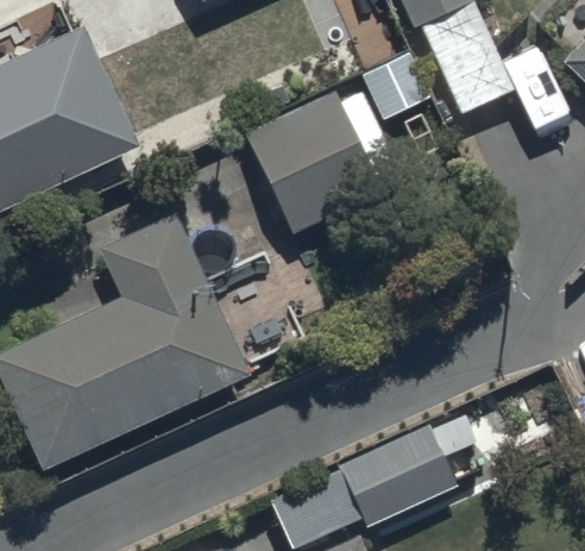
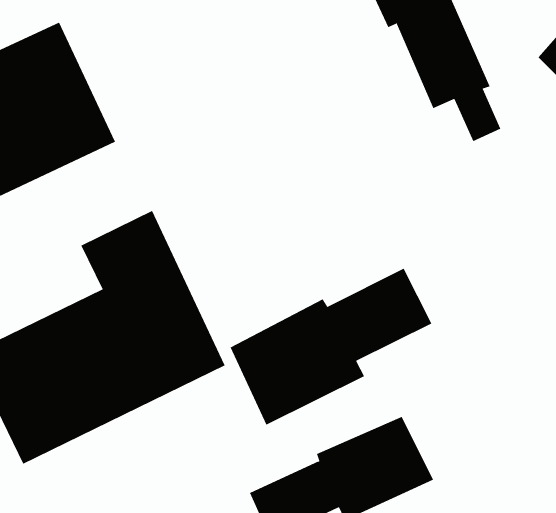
building: [245,88,405,231] -> none
building: none -> [230,268,432,426]

